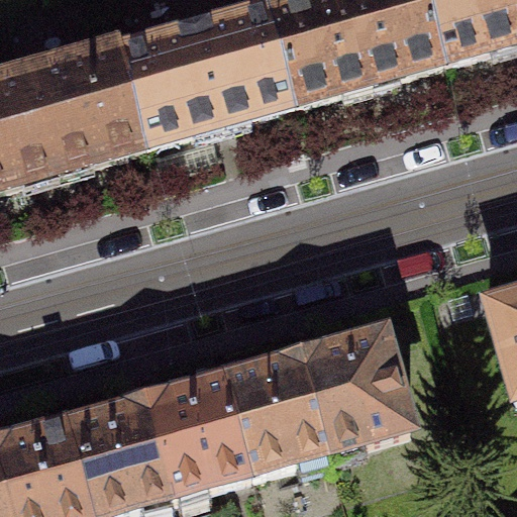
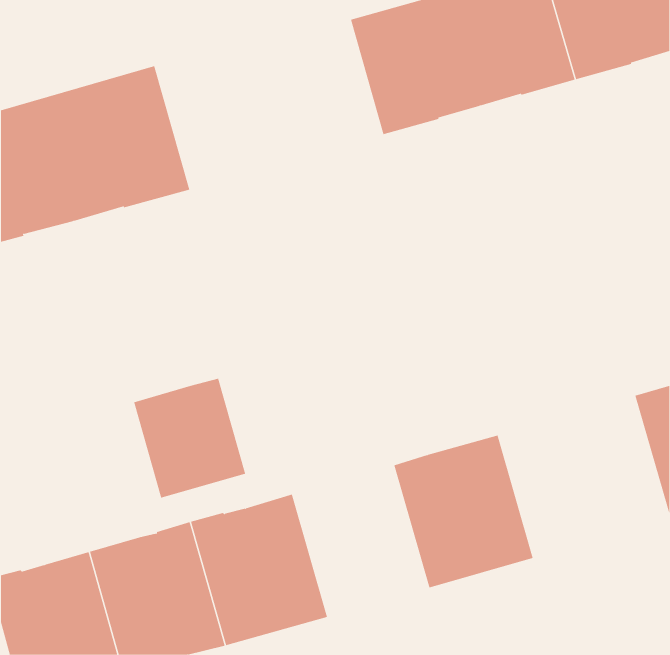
building: [119,15,295,146] -> none
building: none -> [133,378,246,498]
building: [225,358,330,476] -> none

